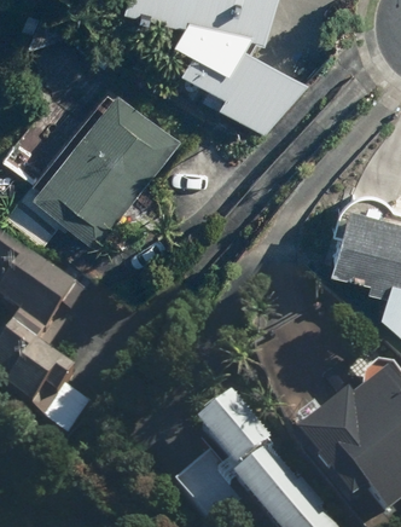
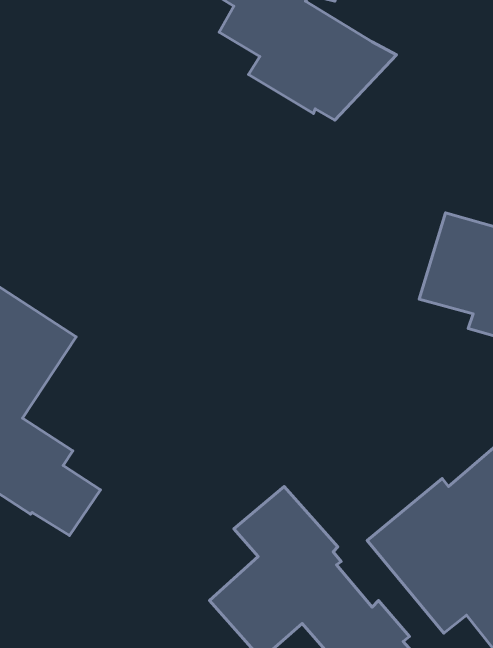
building: [33,81,186,238] -> none

